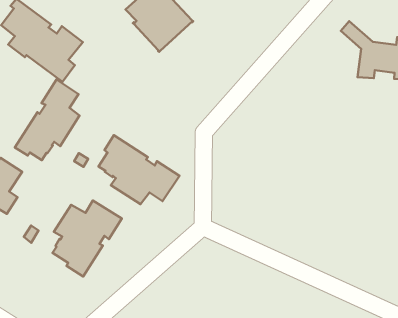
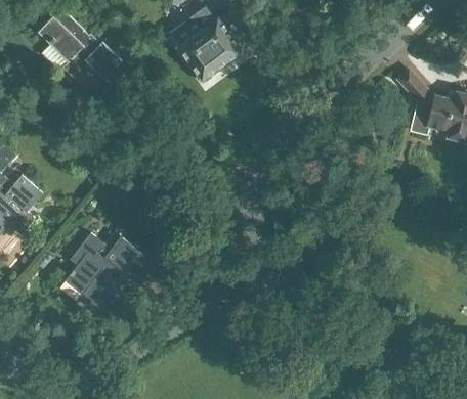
building: [15,80,80,160] -> none
building: [98,135,180,204] -> none

